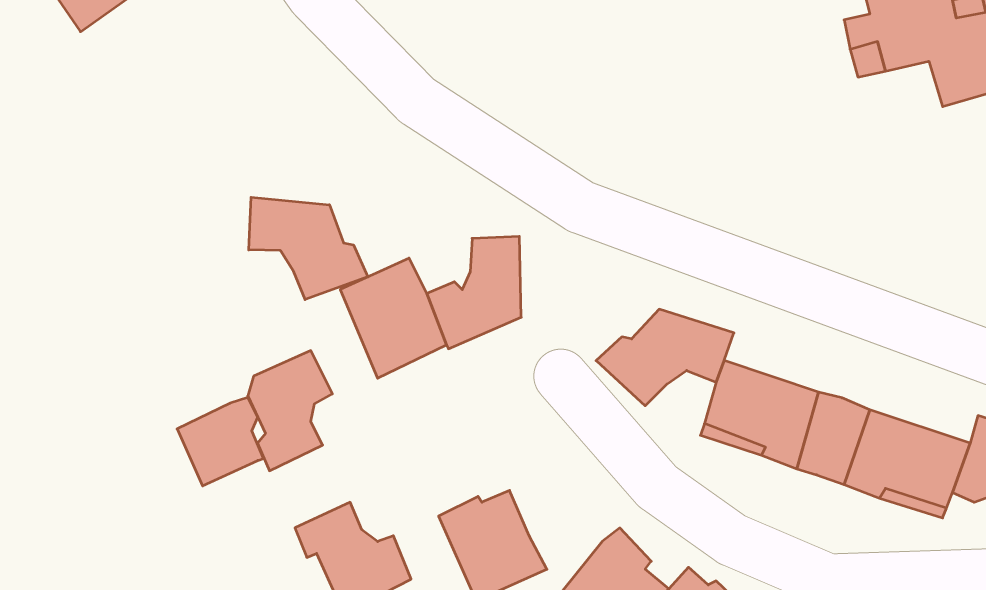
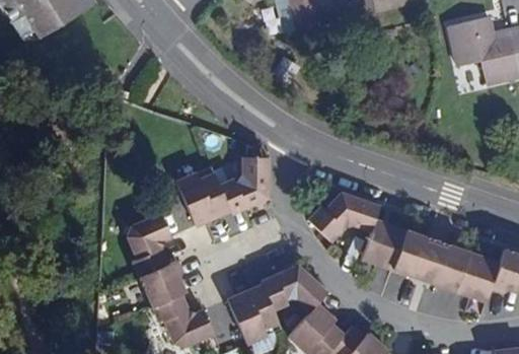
building: [249,197,368,300] -> none
building: [177,397,264,486] -> [139,258,183,303]
building: none -> [261,263,327,310]

